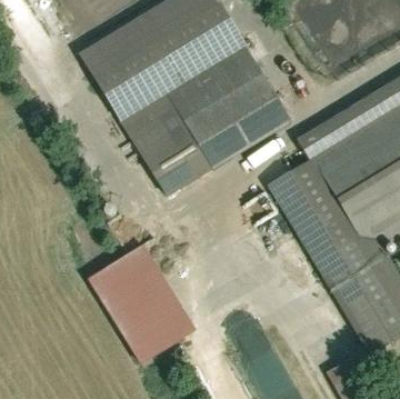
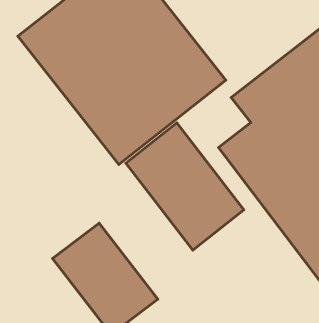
building: none -> [126,123,244,250]

